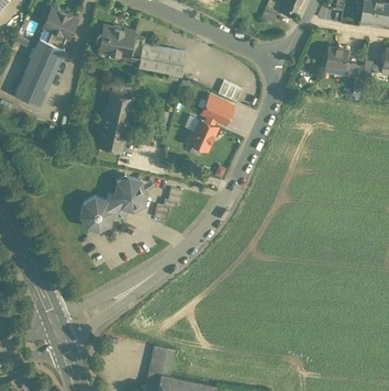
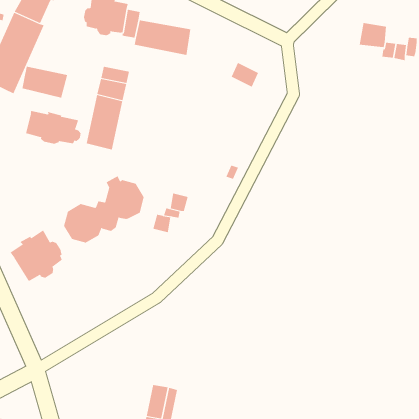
building: none -> [22,66,68,98]
building: [189,97,233,150] -> none
building: none -> [26,110,81,145]
building: none -> [10,229,63,282]

